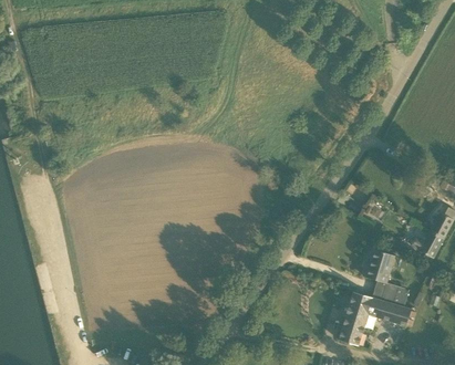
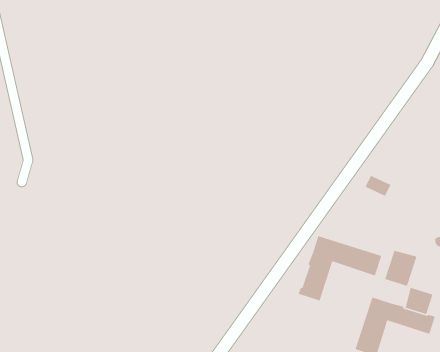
building: none -> [298,235,382,301]

